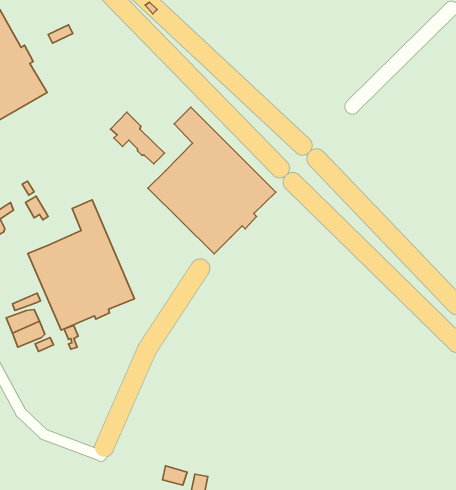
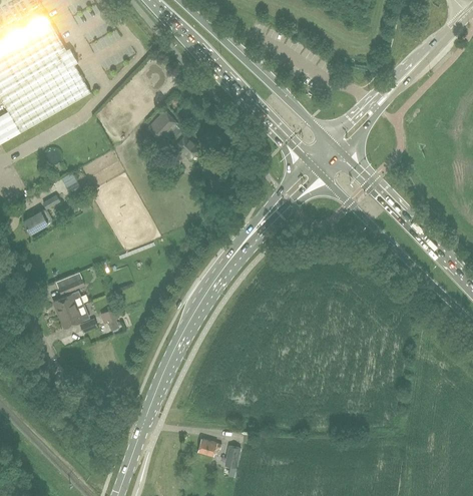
building: [148,107,276,254] -> none
building: [28,200,135,330] -> none

